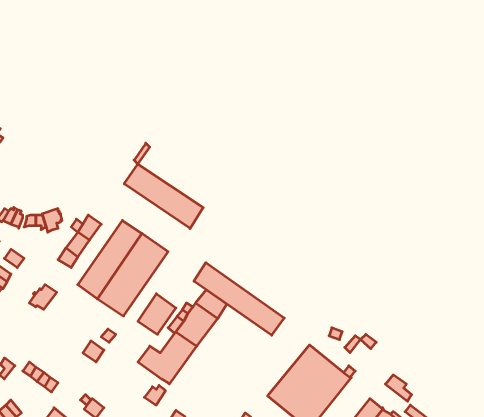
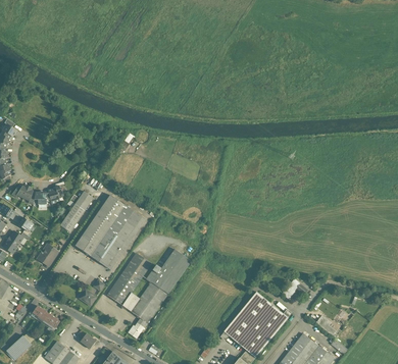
building: [124,164,203,229] -> none
building: [194,263,284,335] -> none
building: none -> [106,273,137,305]

